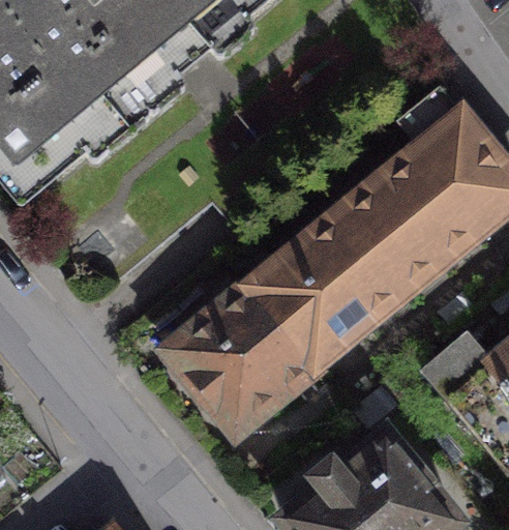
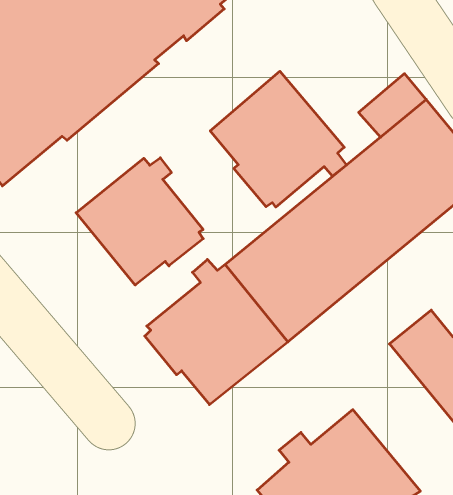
building: none -> [210,71,347,207]
building: none -> [76,158,203,285]

